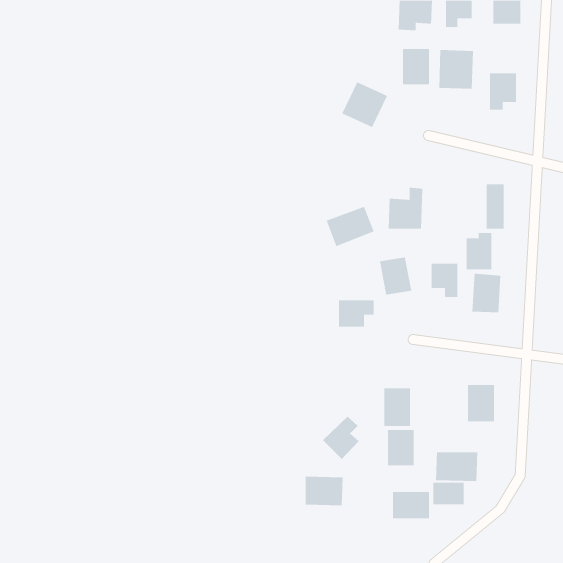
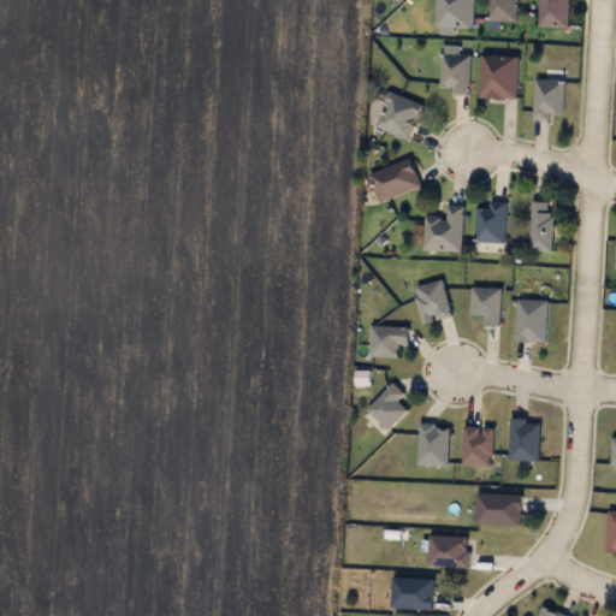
building: [326,206,374,247] -> [368,158,421,202]
building: [466,232,492,270] -> [475,201,504,242]
building: [322,416,360,460] -> [366,383,407,431]
building: [387,429,415,466] -> [462,426,492,466]
building: [305,476,343,506] -> [391,578,433,610]
building: [433,482,464,505] -> none

